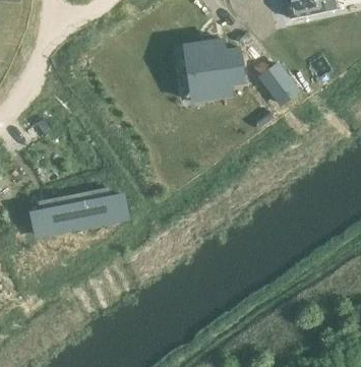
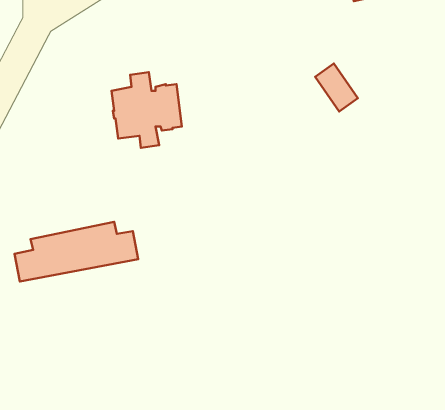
building: [189,40,243,98] -> [111,72,182,148]

